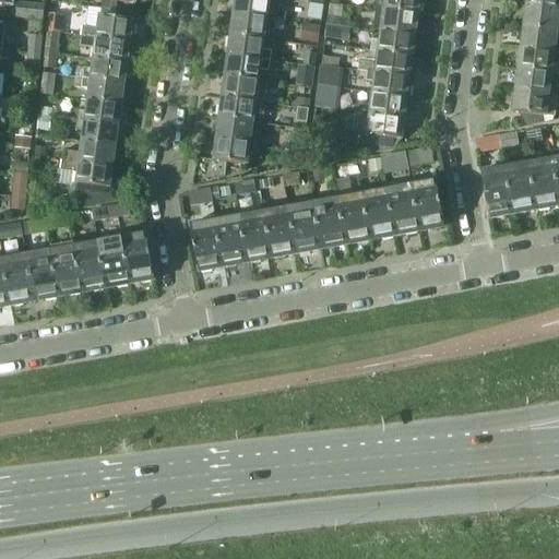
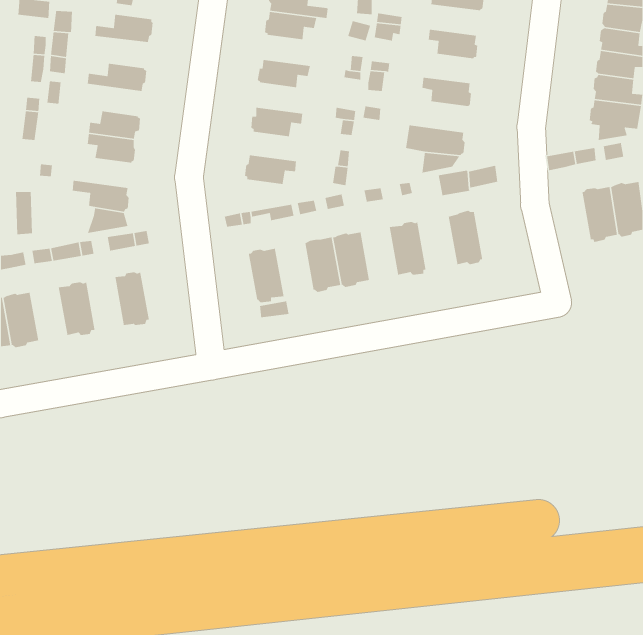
building: [372,4,418,31] -> none
building: [227,31,271,57] -> none
building: [81,32,130,59] -> none
building: [358,47,413,72] -> none
building: [222,72,264,98] -> none
building: [74,73,124,100] -> none
building: [355,88,407,115] -> none
building: [215,115,259,140] -> none
building: [63,138,117,163] -> none
building: [480,166,512,215] -> none
building: [412,178,443,226] -> none
building: [362,188,396,235] -> none
building: [313,197,345,243] -> none
building: [239,211,272,259] -> none
building: [190,219,223,267] -> none
building: [122,231,154,278] -> none
building: [75,240,107,287] -> none
building: [26,249,58,296] -> none

